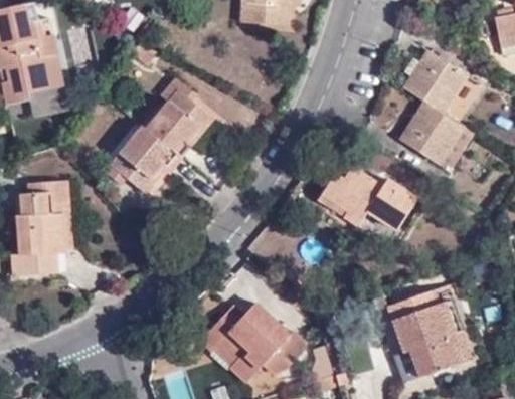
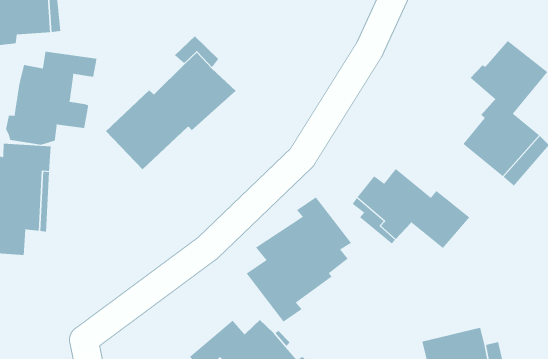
building: none -> [5,51,97,146]
building: none -> [246,196,352,322]

